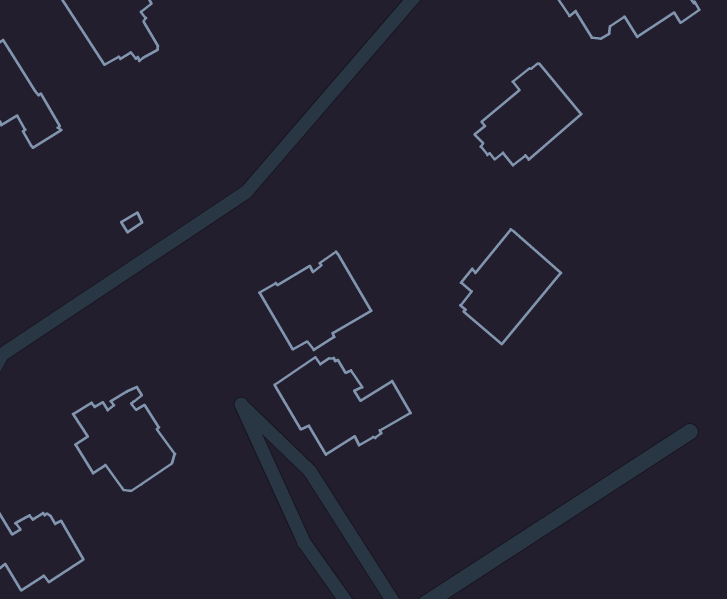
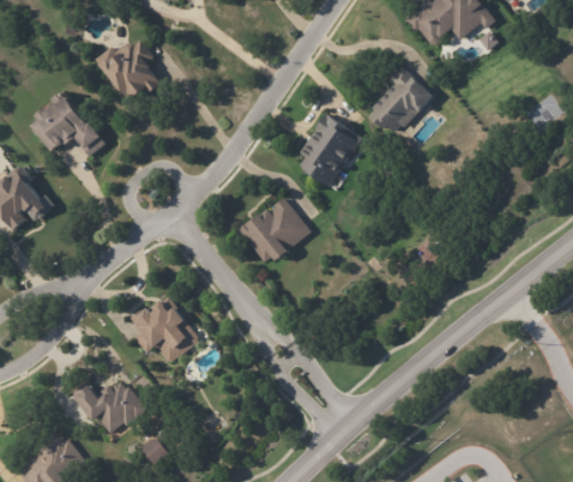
building: [460,229,561,344] -> [295,110,357,183]
building: [275,357,411,455] -> none

